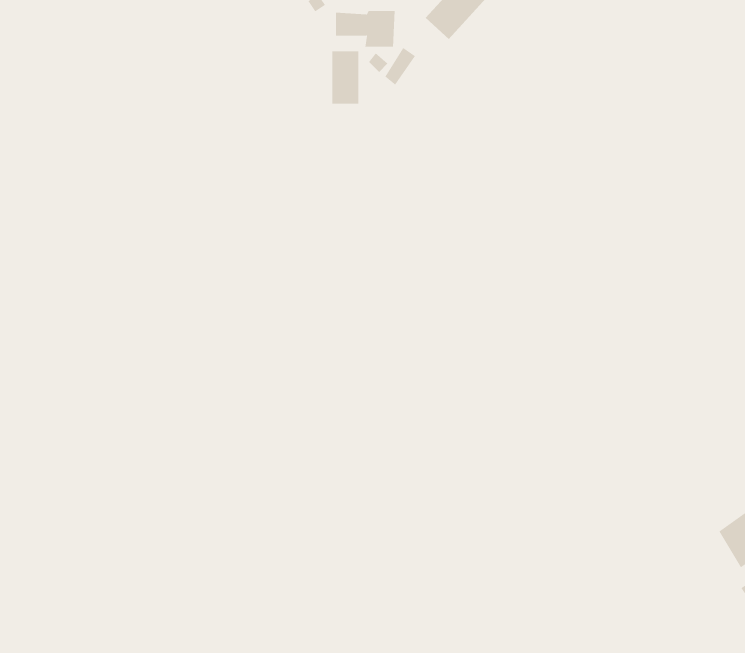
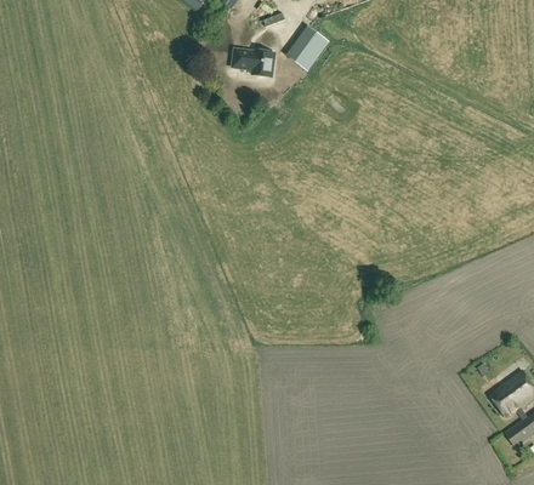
building: [332,50,359,104] -> none

